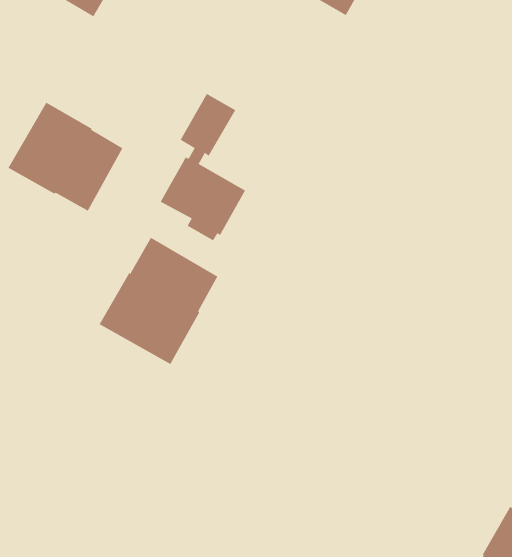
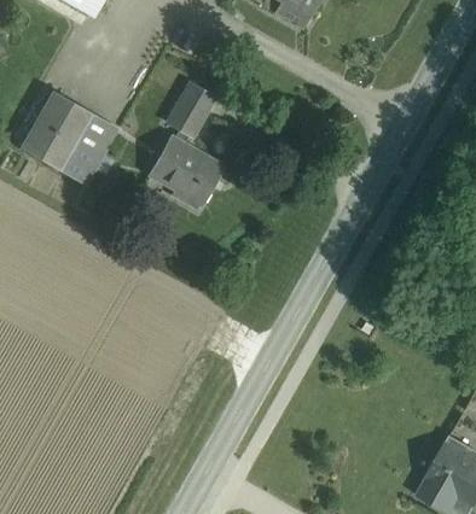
building: [99,237,218,365] -> none

